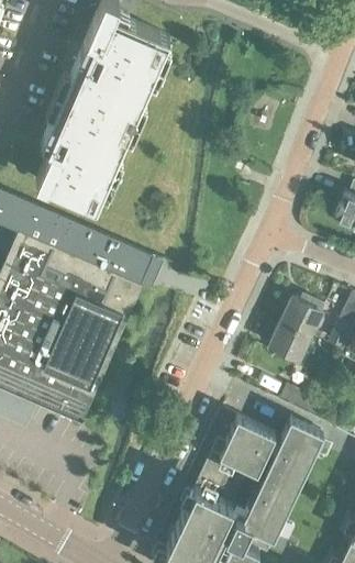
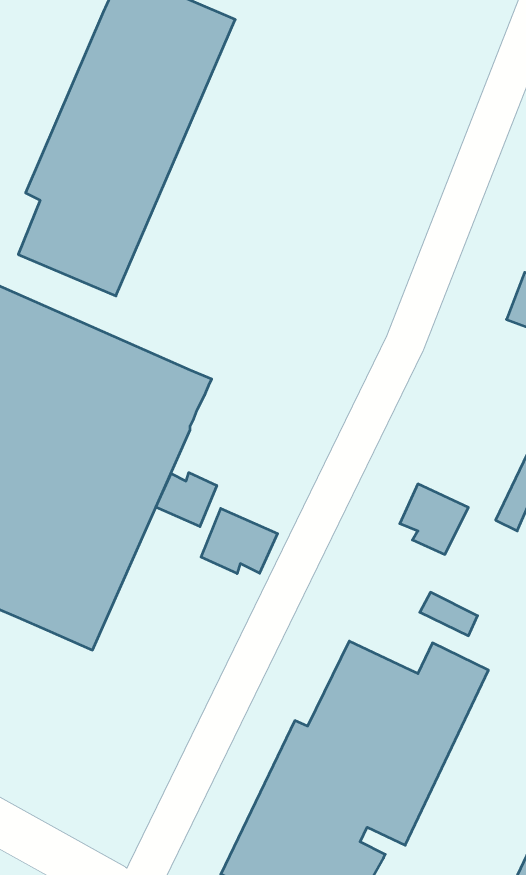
building: [280,296,324,335] -> none
building: none -> [156,473,217,527]
building: none -> [201,508,278,574]

